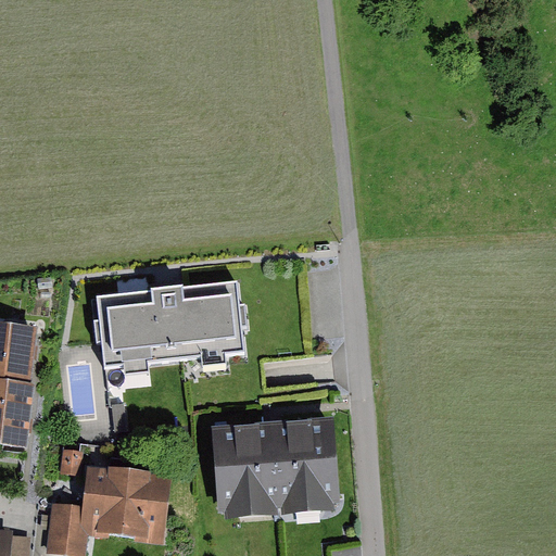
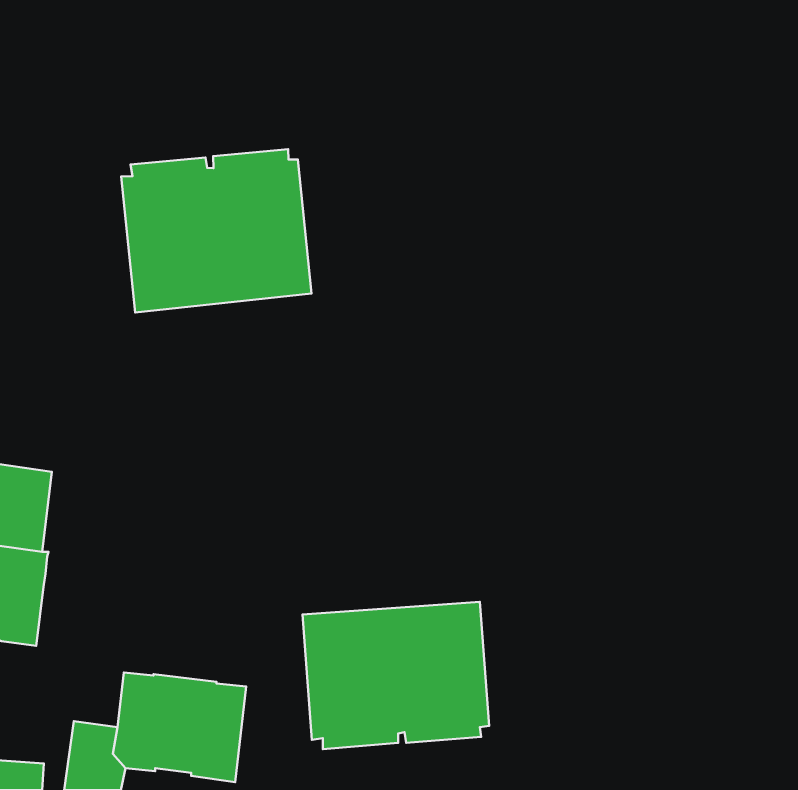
building: none -> [121,149,311,312]
building: [96,281,242,374] -> none

